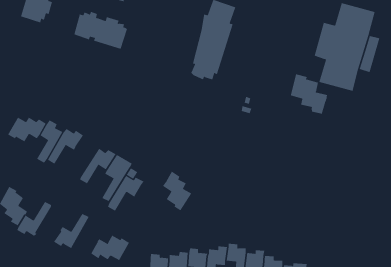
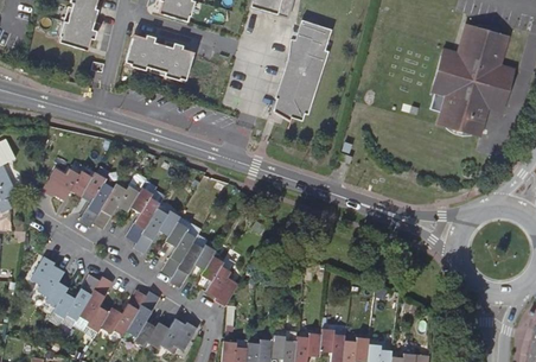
building: [290,73,327,115] -> none
building: none -> [126,178,165,242]
building: [162,171,192,211] -> [200,254,238,305]
building: none -> [78,275,113,331]
building: none -> [126,290,160,347]

